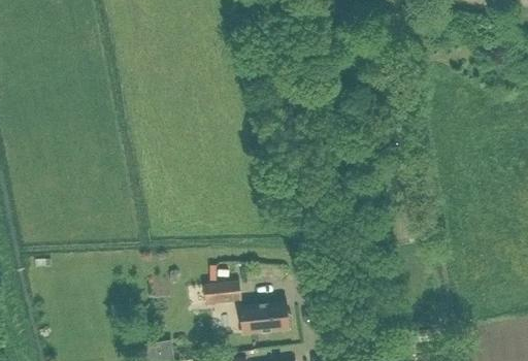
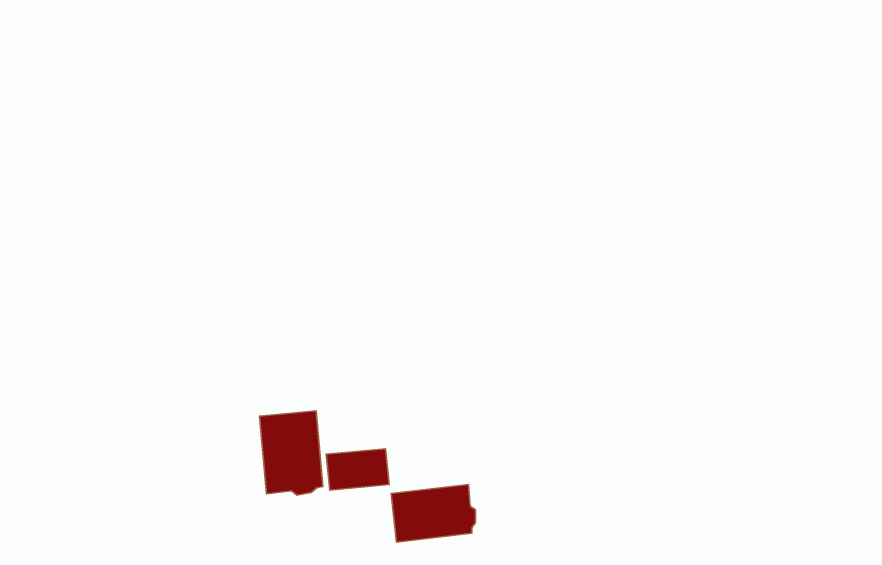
building: none -> [259,411,323,495]

